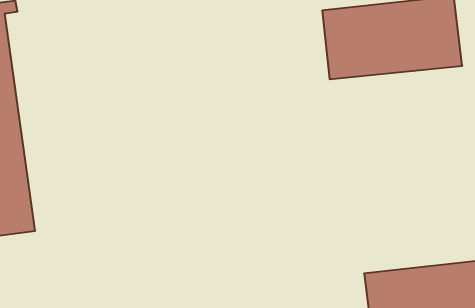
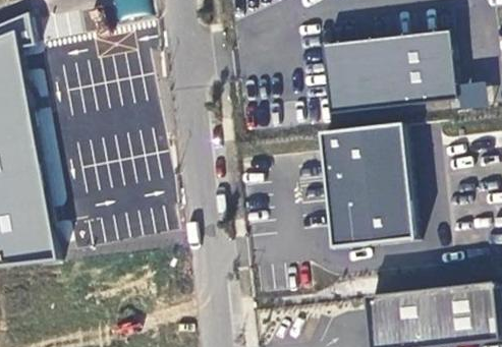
building: none -> [318,119,410,242]

